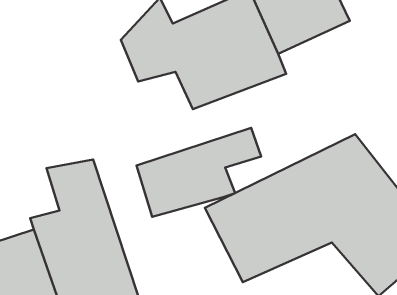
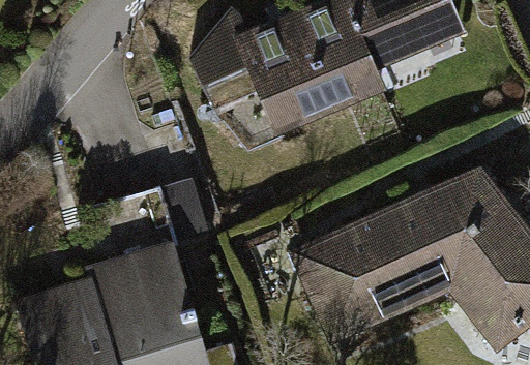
building: [137,128,261,217] -> none

